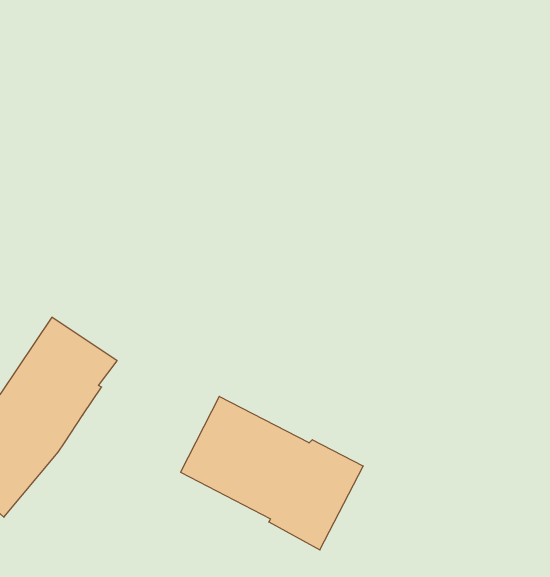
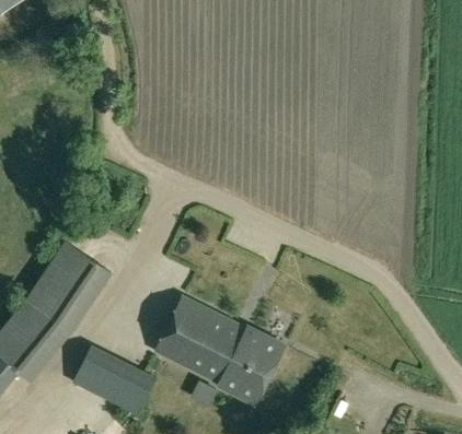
building: none -> [72,344,157,414]

